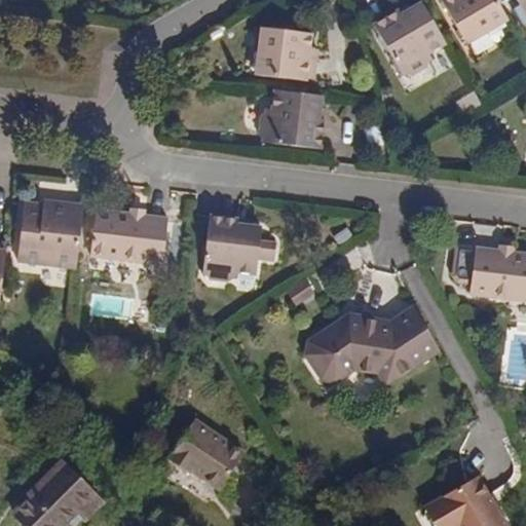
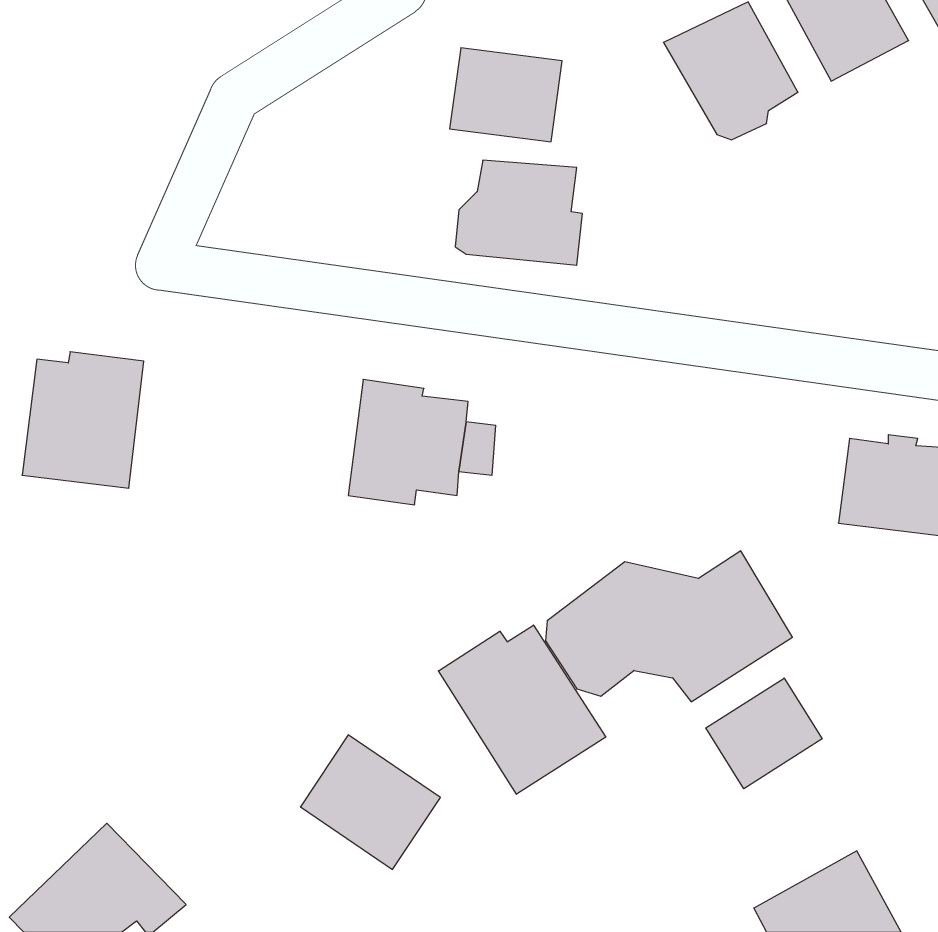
building: [87,206,170,266] -> none
building: none -> [438,625,606,794]
building: none -> [706,678,822,789]

